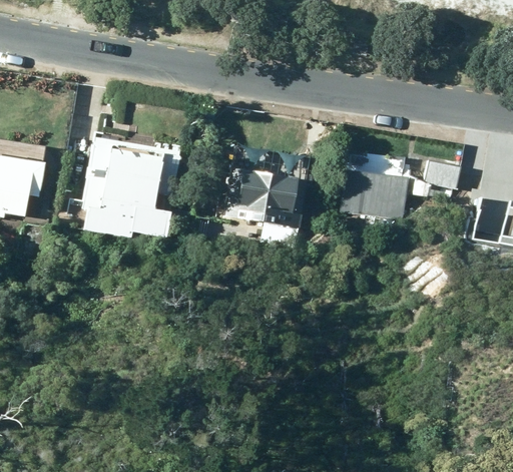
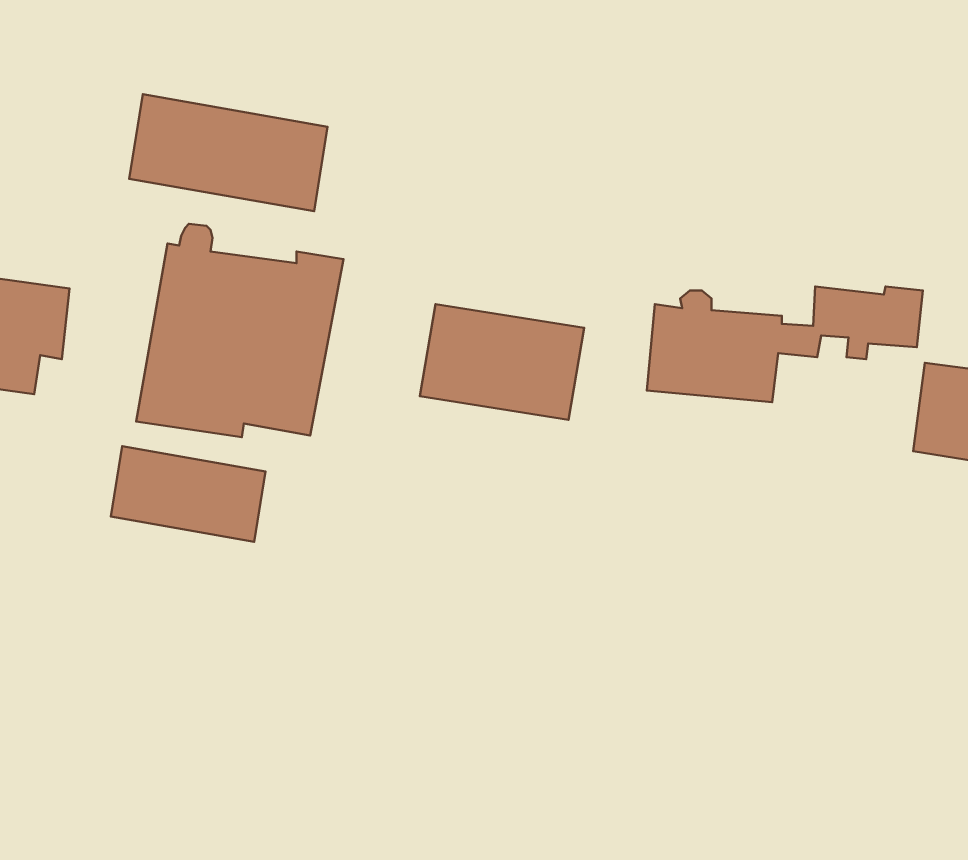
building: none -> [129,94,328,211]
building: none -> [111,446,266,542]

